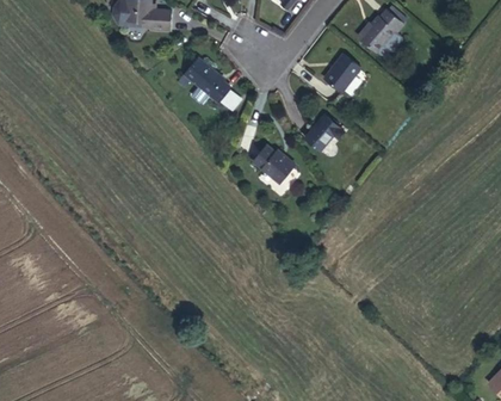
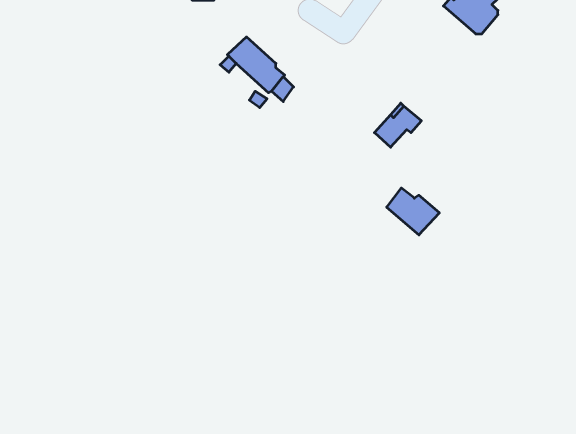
building: [324,54,361,93] -> none
building: [254,144,297,183] -> [387,188,439,235]

